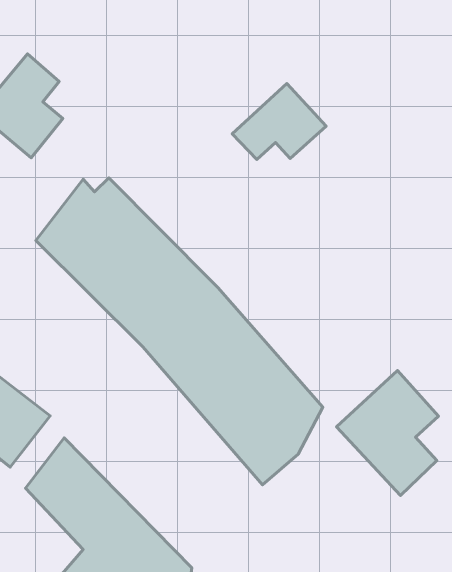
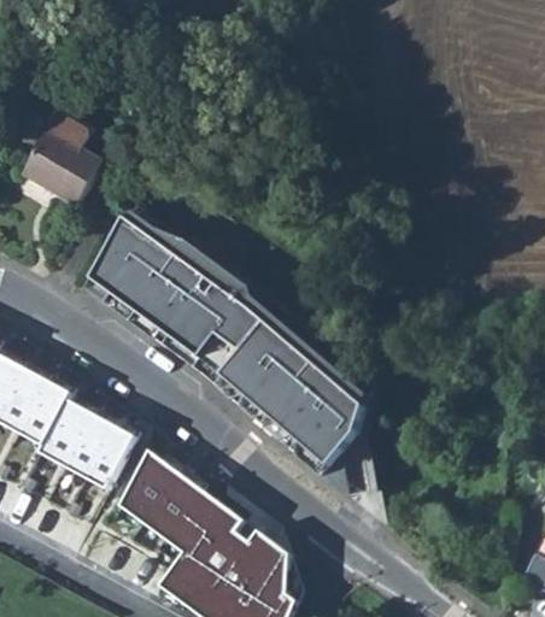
building: [232,83,326,159] -> none
building: [337,370,438,496] -> none

